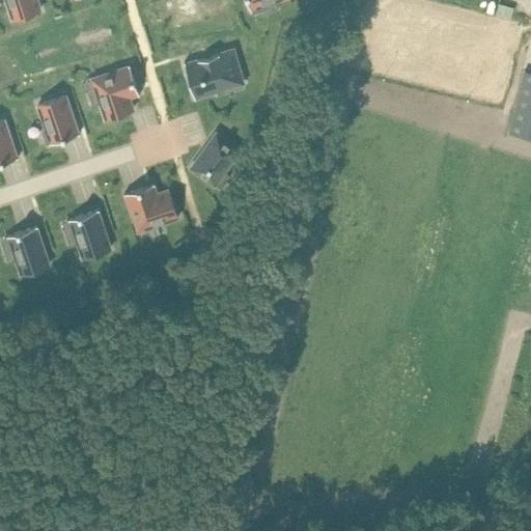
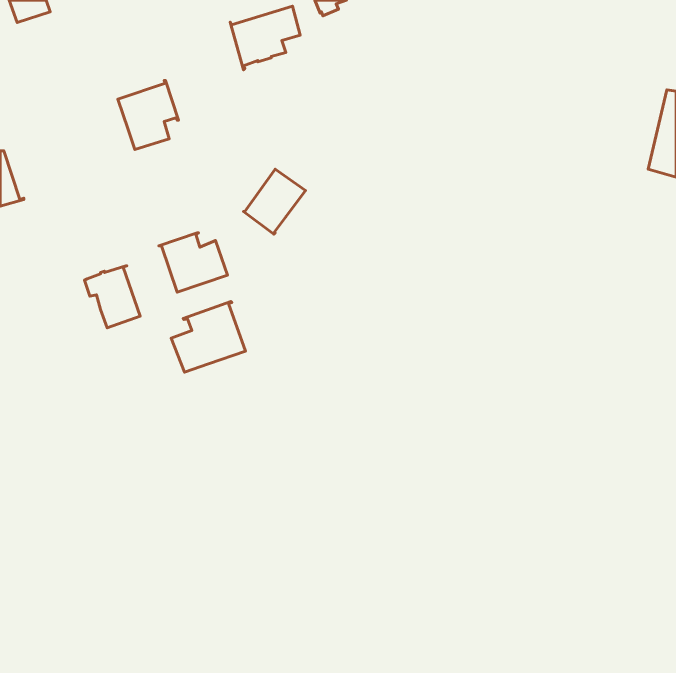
building: [185,51,240,101] -> [230,6,300,70]
building: [38,96,80,145] -> none
building: [5,227,49,276] -> none
building: none -> [171,302,245,372]

